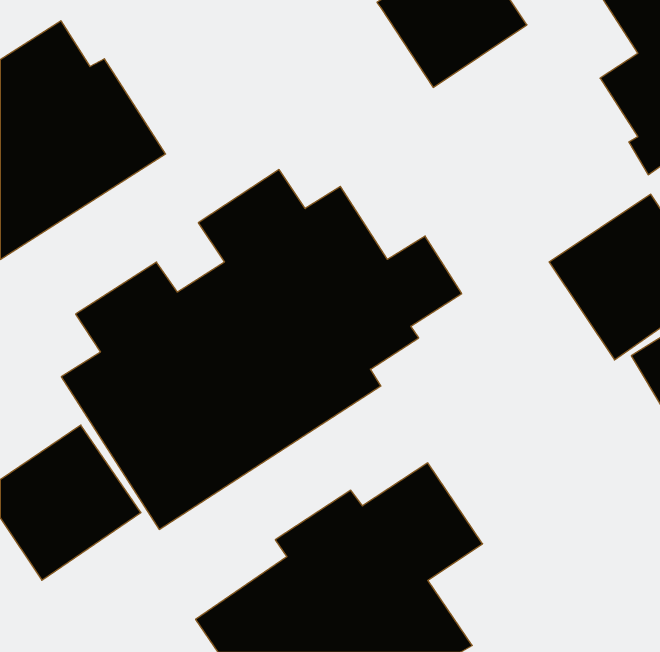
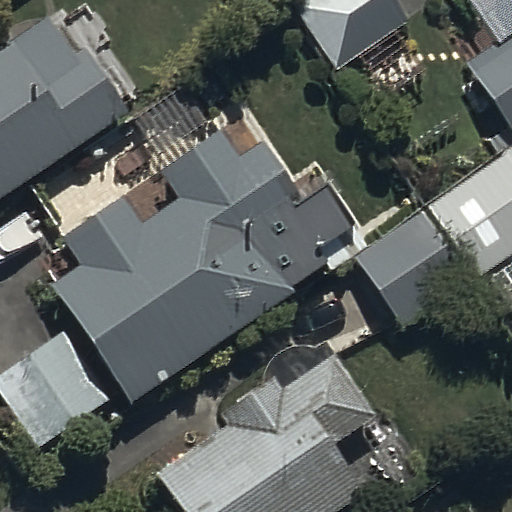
building: none -> [356,210,468,324]

